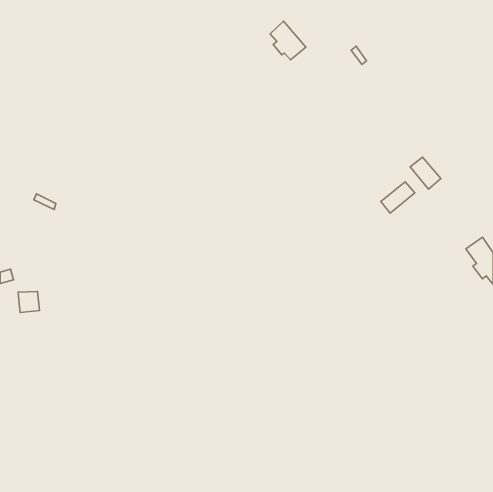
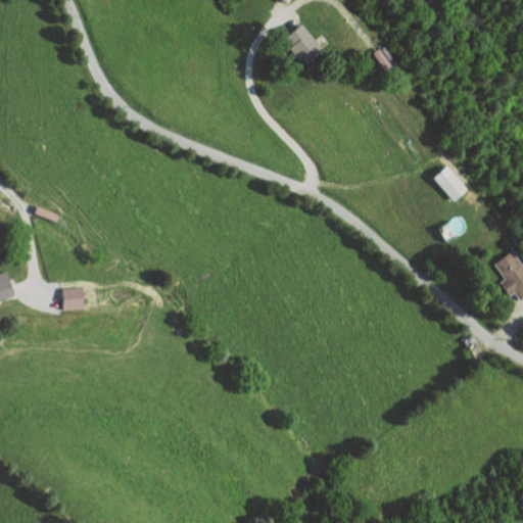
building: [381,182,415,213] -> none
building: [18,291,40,313] -> [62,288,85,311]

